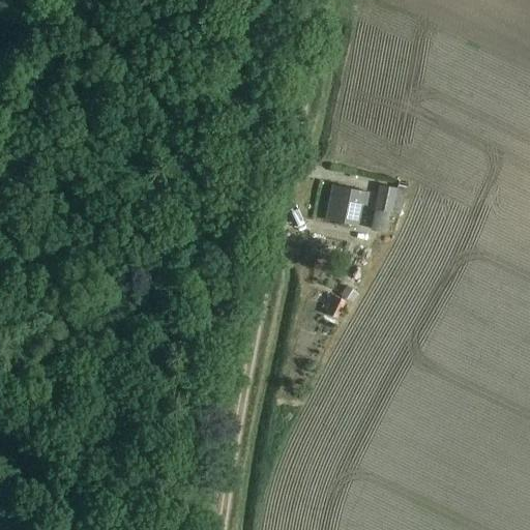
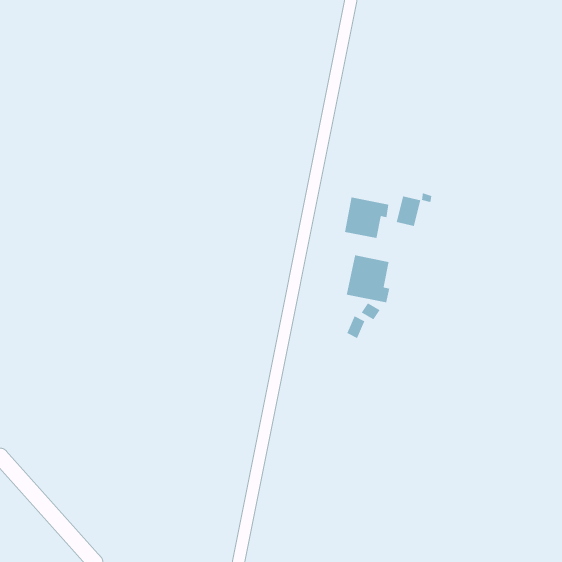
building: none -> [346,255,390,303]

